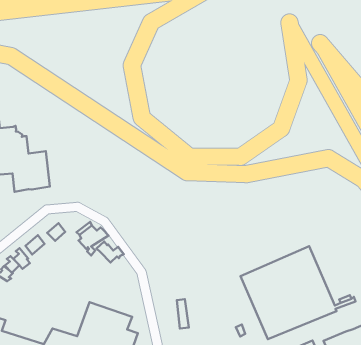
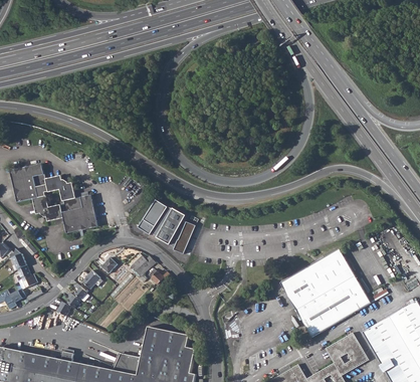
building: none -> [138,200,195,254]

